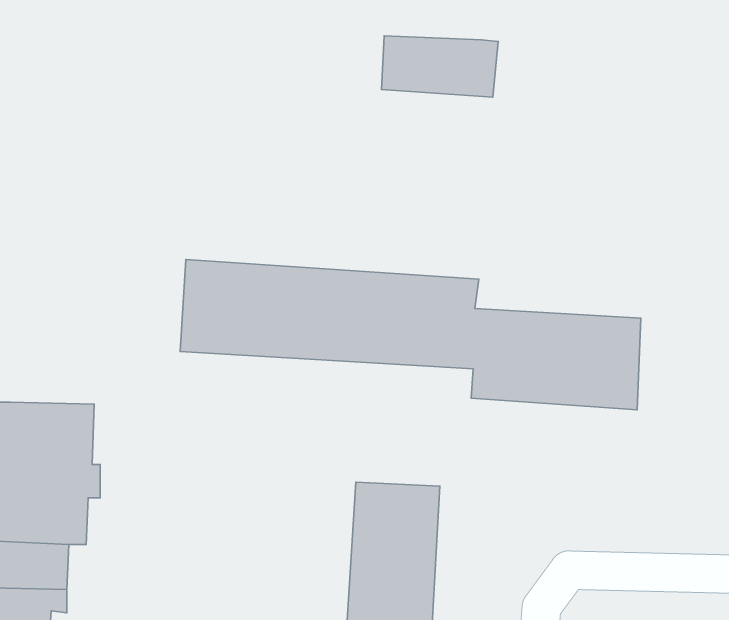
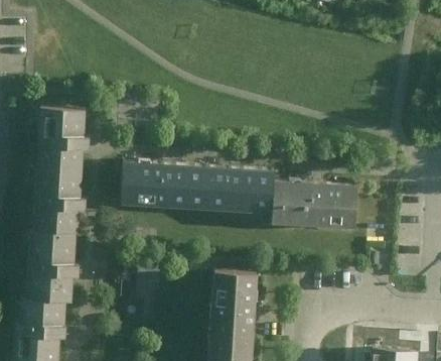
building: [381,36,498,97] -> none
building: none -> [34,109,89,230]

